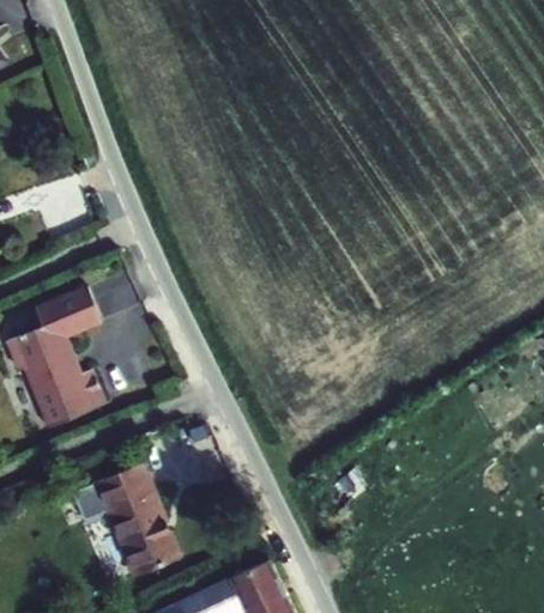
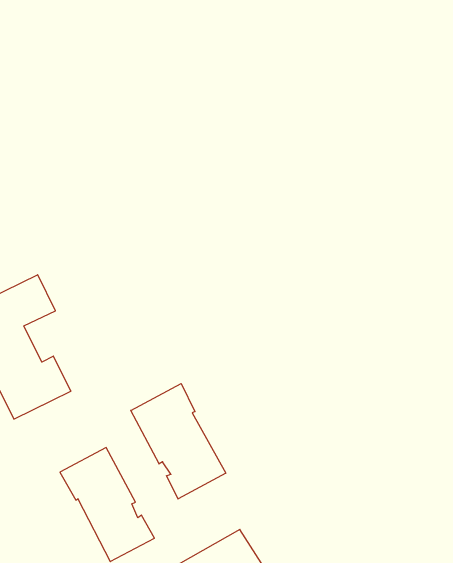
building: none -> [131,384,226,499]

